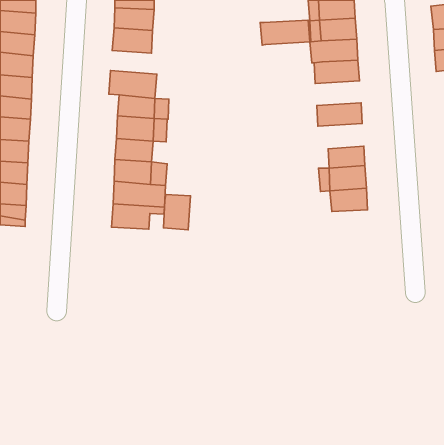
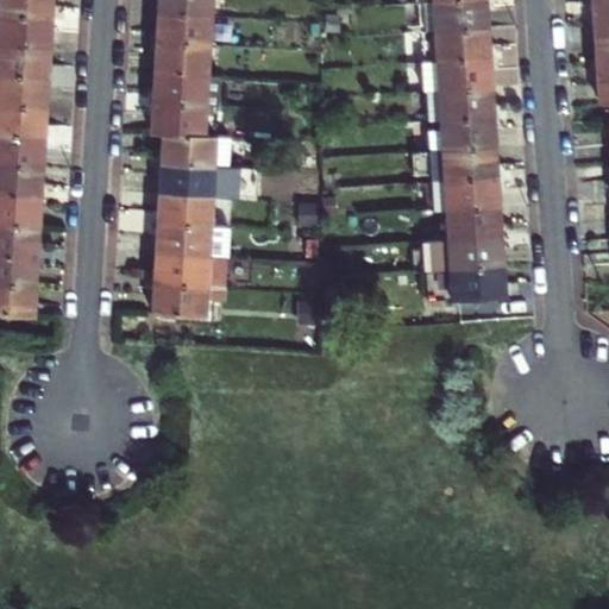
building: [260,20,310,45] -> [427,111,495,145]
building: none -> [152,69,216,101]
building: none -> [435,169,498,203]
building: [163,194,190,230] -> none

